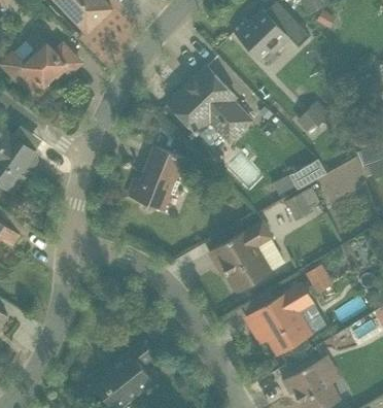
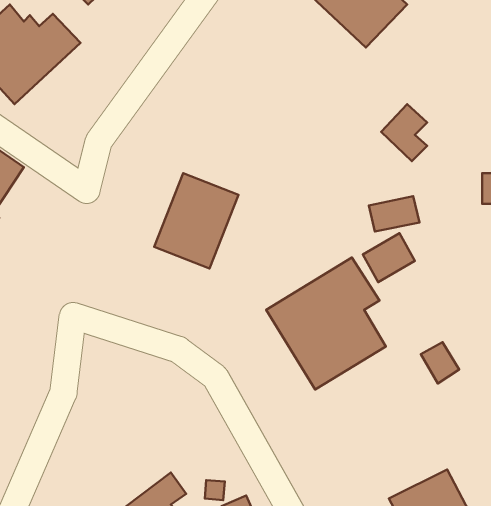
building: [165,52,263,149] -> none
building: [251,276,322,354] -> none

